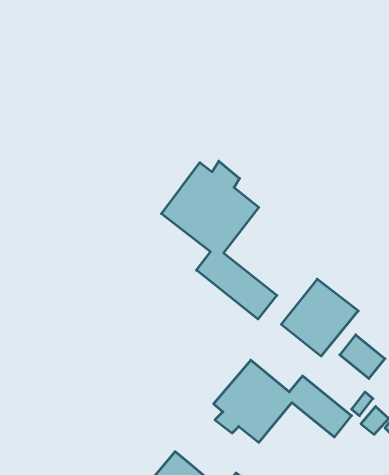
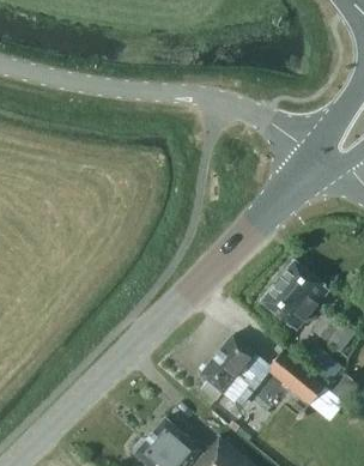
building: [161,161,277,319] -> none

